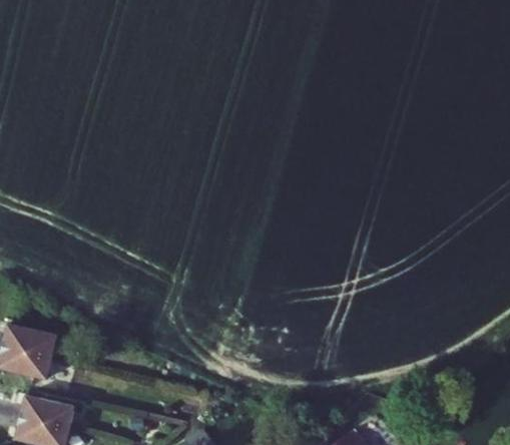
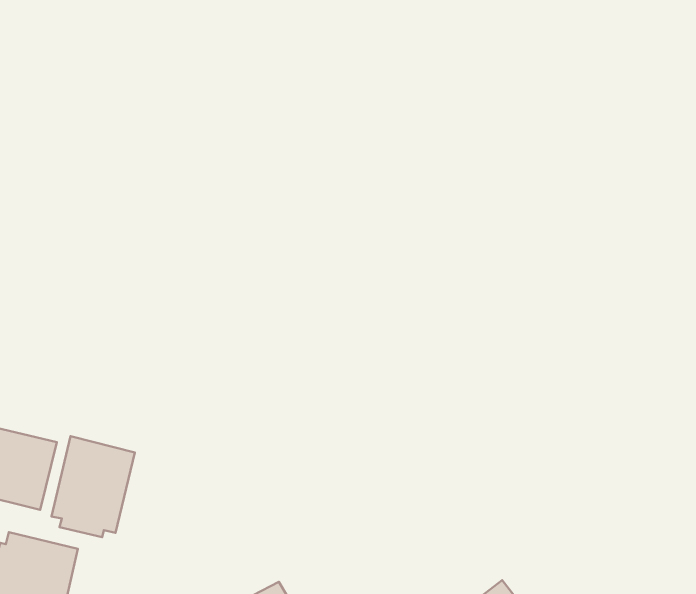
building: none -> [51,436,135,537]

